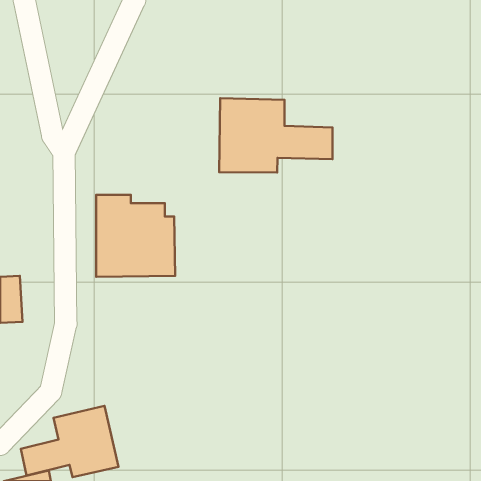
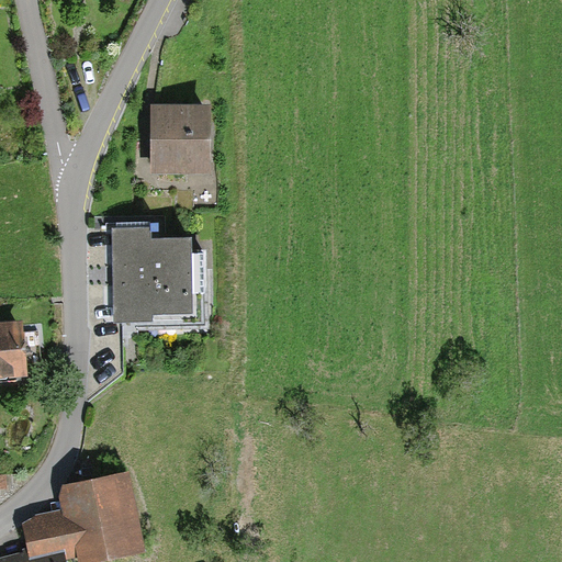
building: none -> [150,105,209,172]
building: [219,98,332,173] -> none

